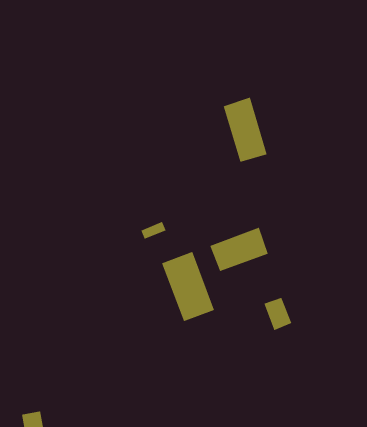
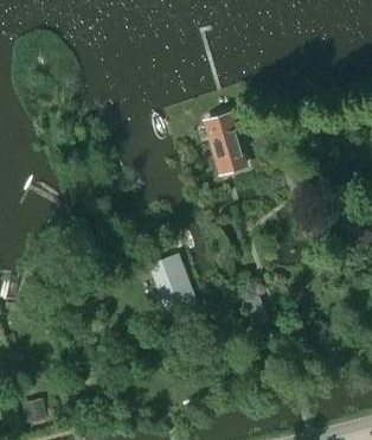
building: [210,227,269,272] -> none

